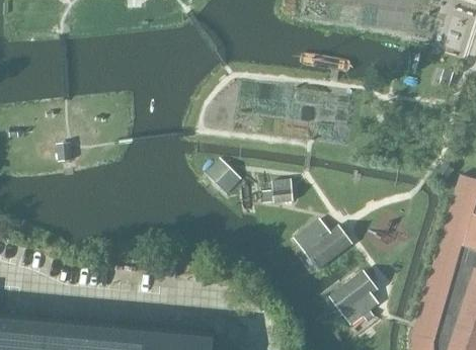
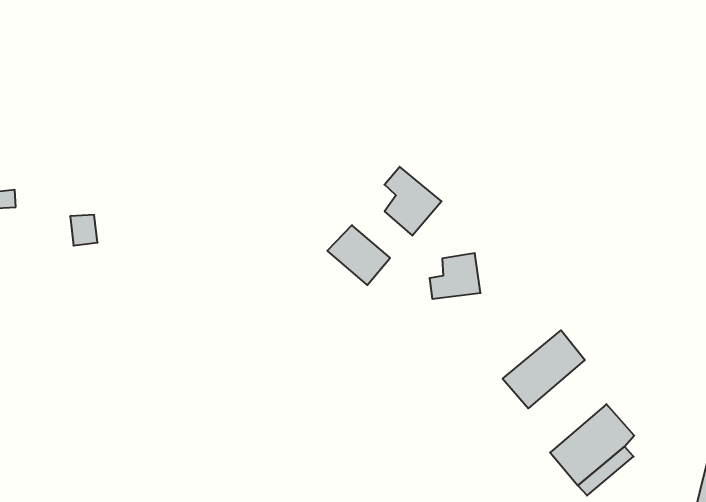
building: none -> [384,167,442,236]
building: [294,220,332,254] -> none

